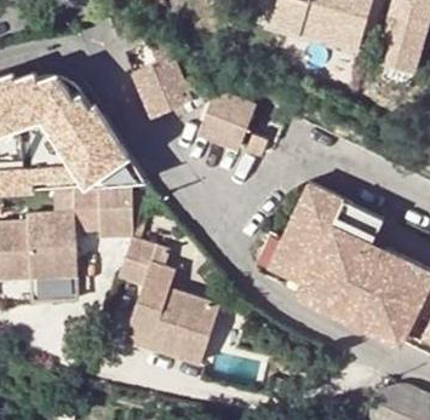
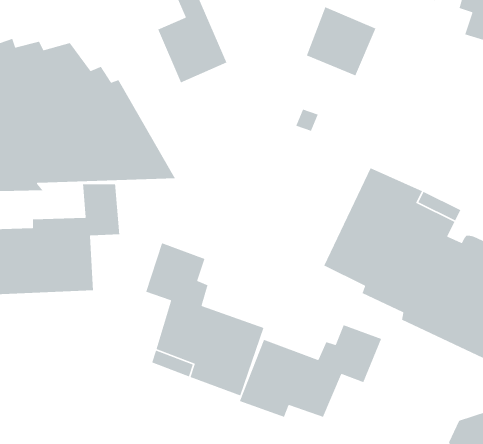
building: [195,87,253,145] -> [306,6,376,77]
building: [97,190,132,242] -> none
building: none -> [239,324,382,418]

